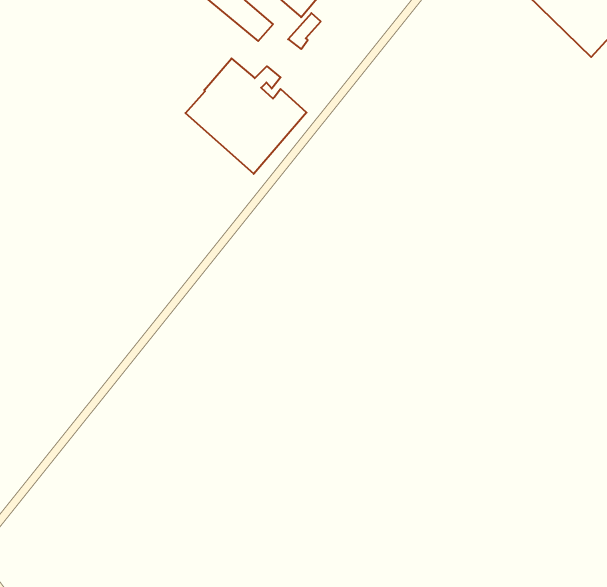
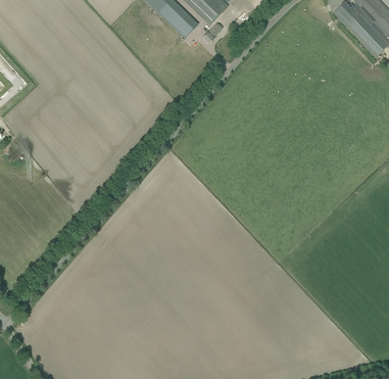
building: [185,58,307,174] -> none

